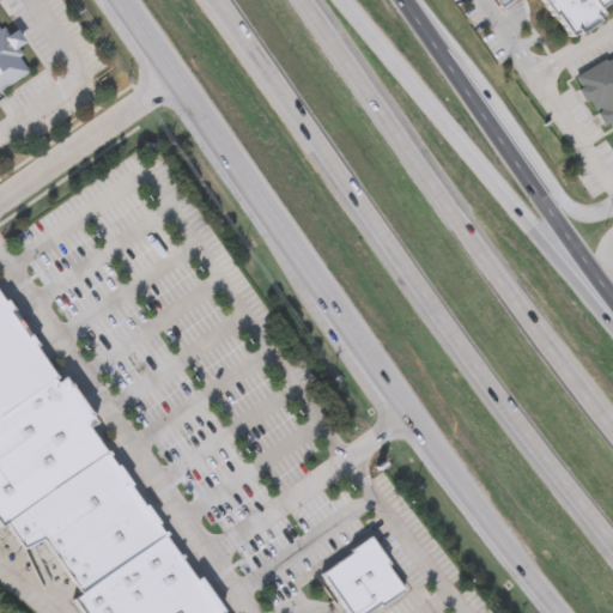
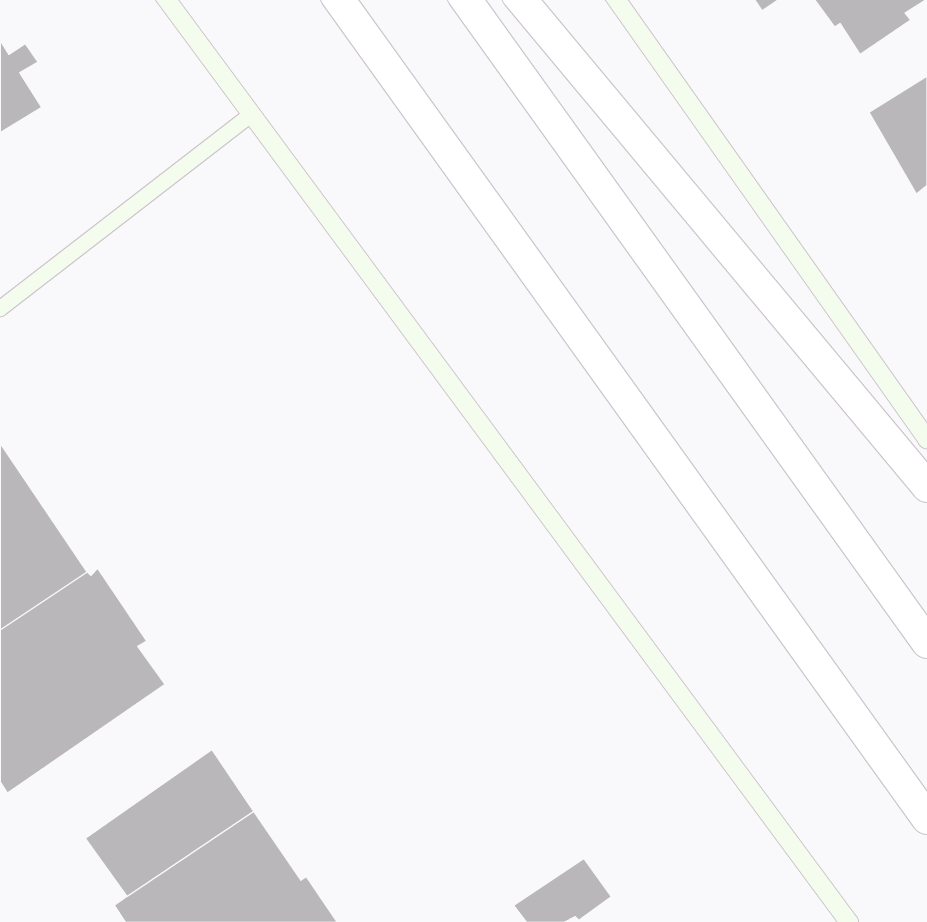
building: [5,450,140,553] -> none
building: [322,539,388,597] -> none

